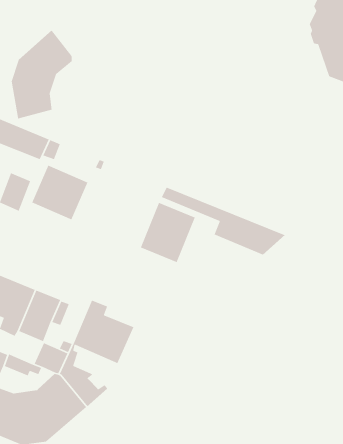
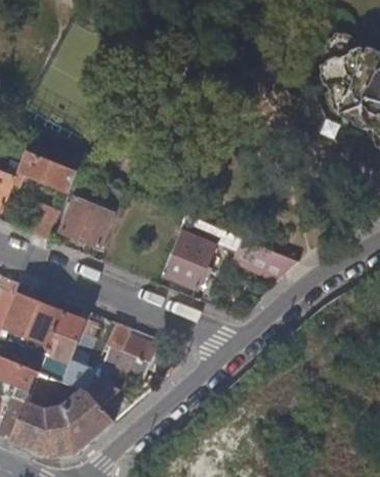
building: [11,30,73,119] -> none

